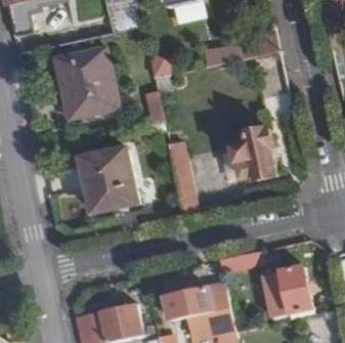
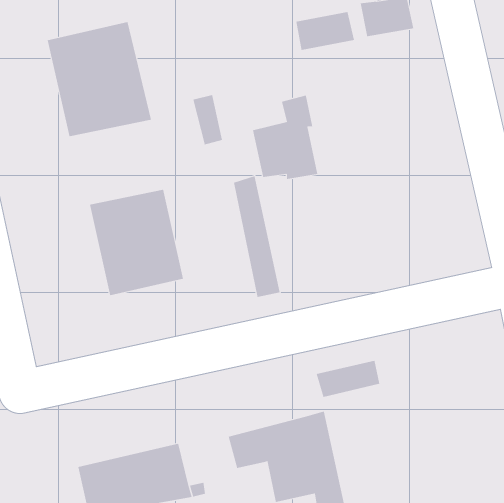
building: [233,127,273,178] -> [252,95,318,179]
building: [262,266,311,317] -> none

